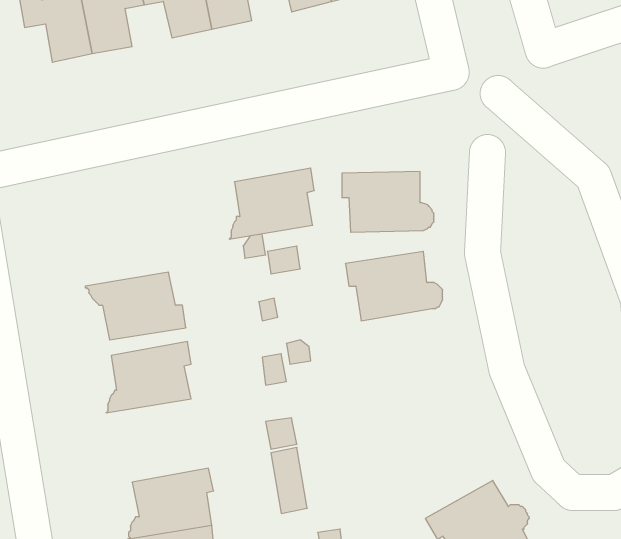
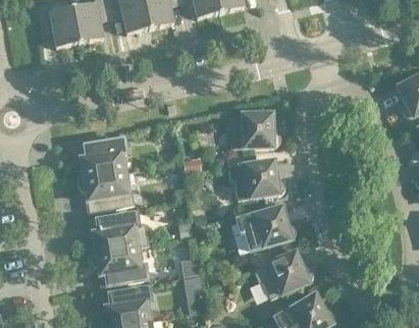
building: [229,168,314,239] -> [75,138,125,179]
building: none -> [238,206,297,250]
building: none -> [88,245,147,285]
building: none -> [253,251,314,298]

